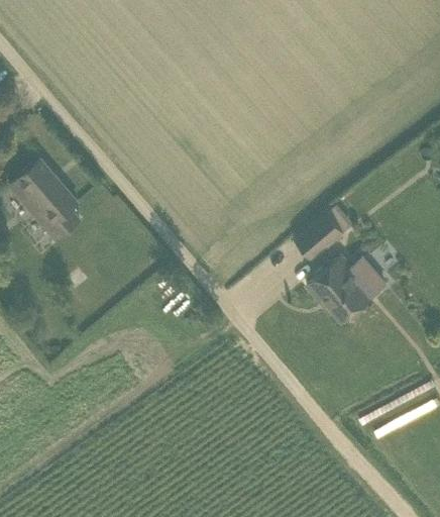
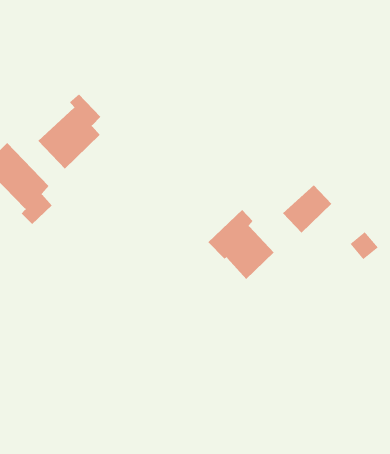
building: none -> [38,94,101,169]
building: [307,257,369,324] -> [207,209,275,280]

